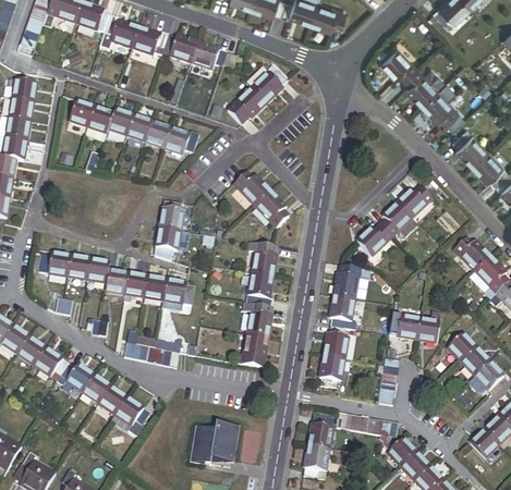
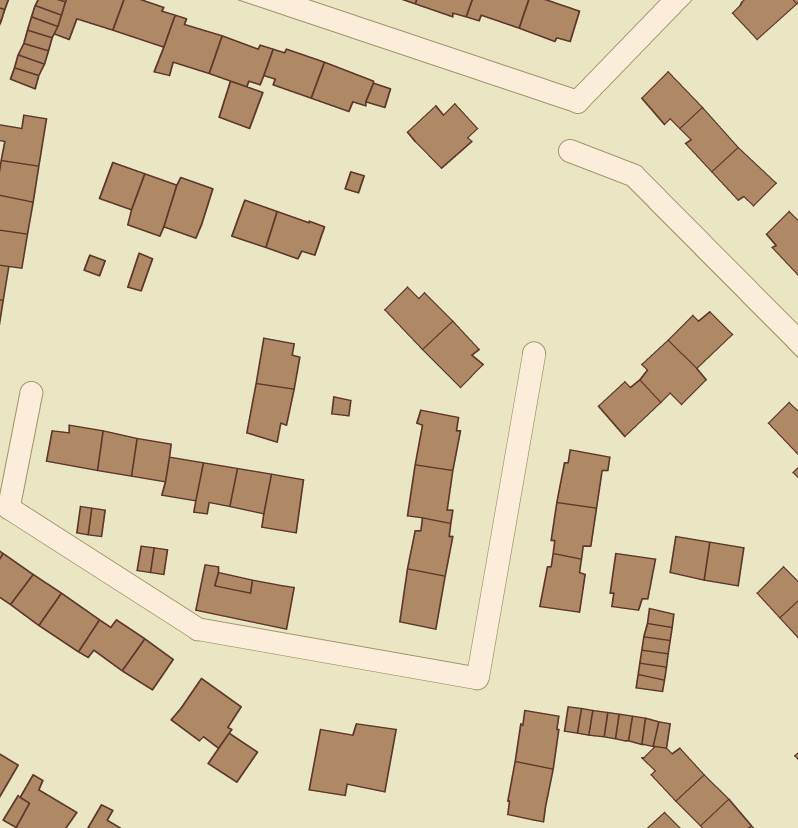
building: [231,87,265,122] -> none
building: [126,114,151,142] -> [219,81,263,128]
building: [318,355,344,388] -> [610,553,655,610]
building: [98,385,126,414] -> [208,733,257,782]

